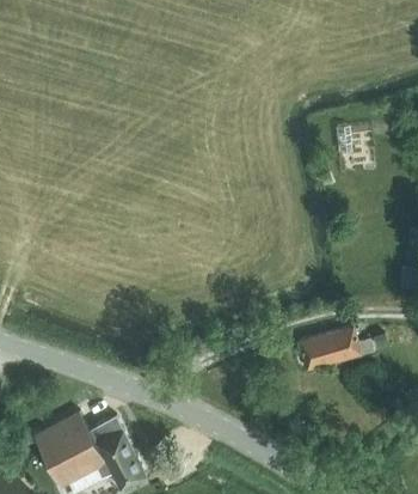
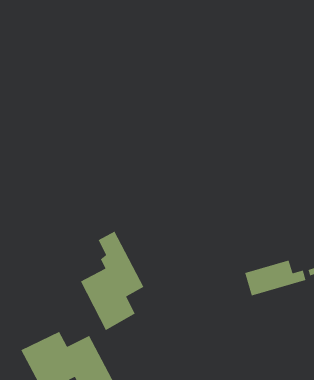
building: none -> [80,230,144,331]

